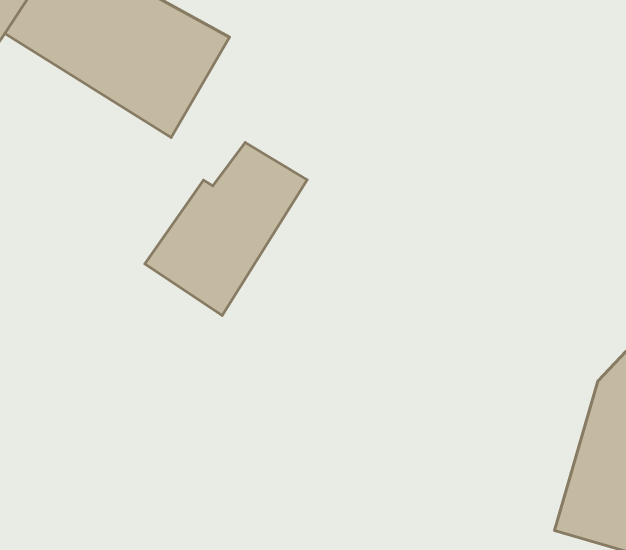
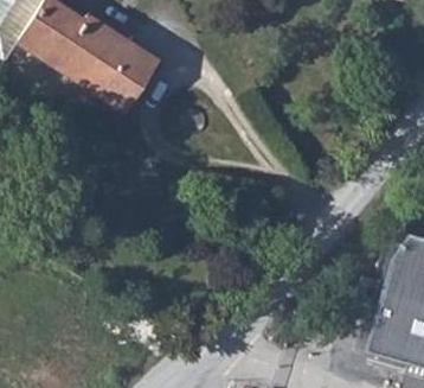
building: [145,142,307,316] -> none

